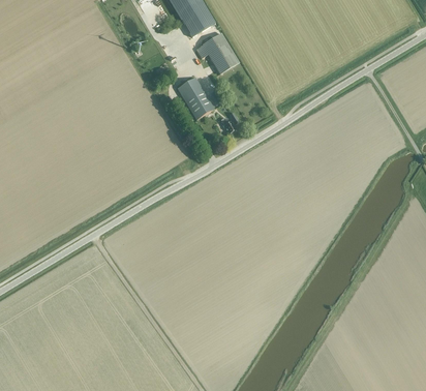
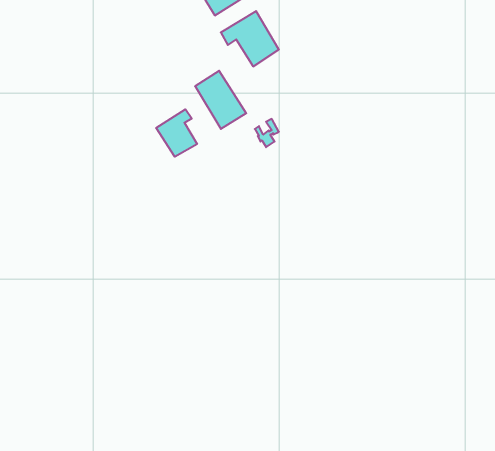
building: none -> [156,109,197,157]

